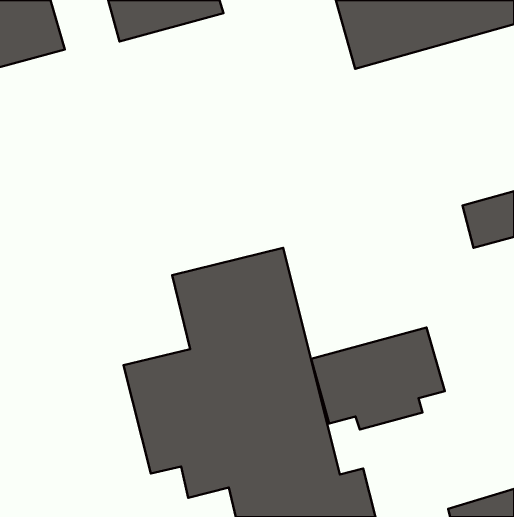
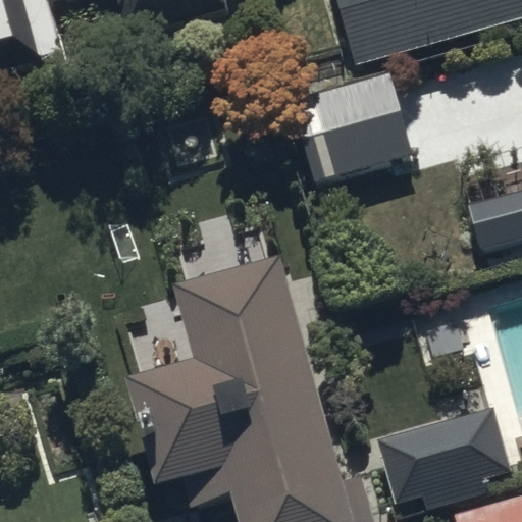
building: none -> [290,72,411,179]
building: [311,327,445,430] -> [375,410,510,513]

